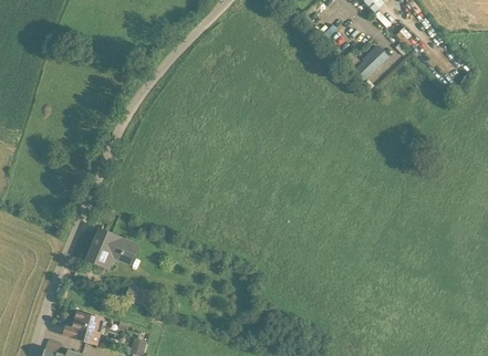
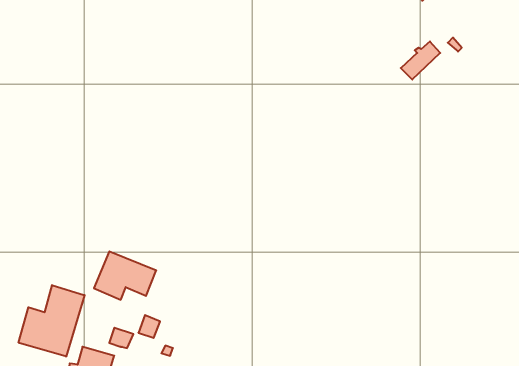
building: none -> [19,285,85,357]

